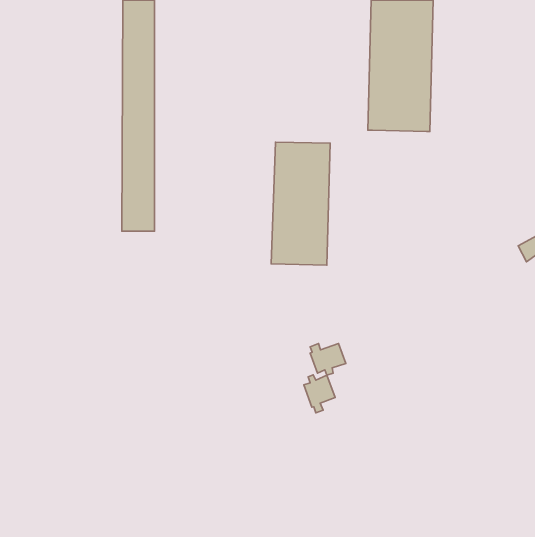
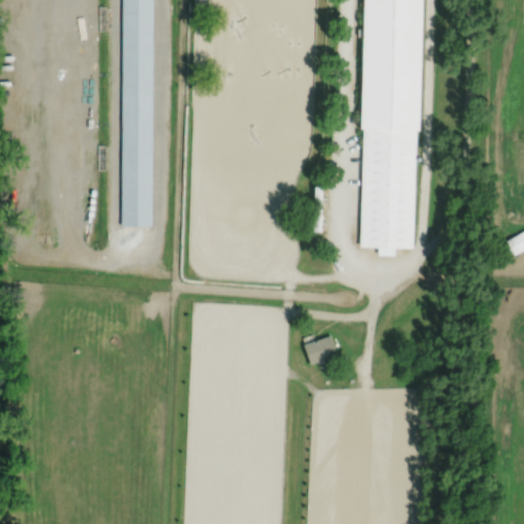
building: [271,142,330,265] -> [360,127,418,247]
building: [304,375,335,413] -> none

